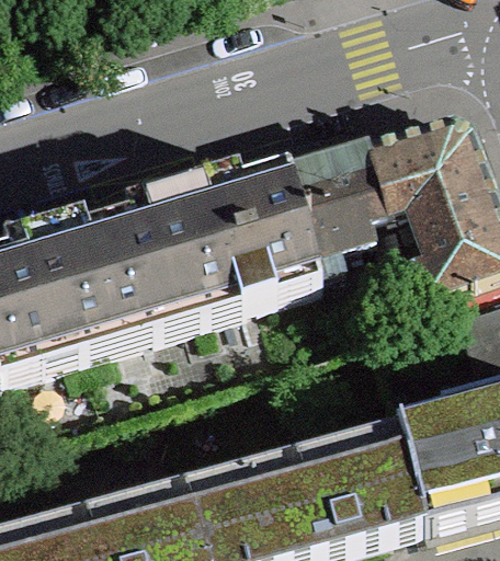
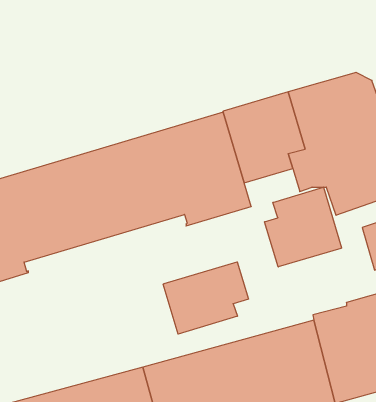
building: none -> [265,187,342,267]
building: none -> [163,262,249,334]

